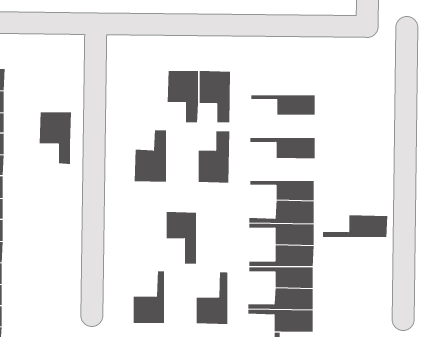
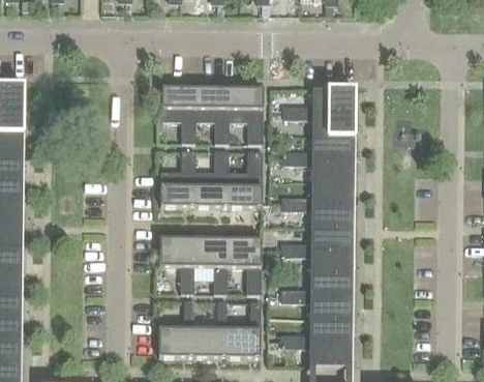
building: none -> [284,88,355,112]
building: [39,112,72,164] -> [161,86,196,142]
building: none -> [283,134,354,157]
building: none -> [195,149,229,205]
building: none -> [160,236,194,292]
building: none -> [228,237,262,293]
building: [322,215,388,237] -> [283,179,354,203]
building: none -> [193,300,226,355]

